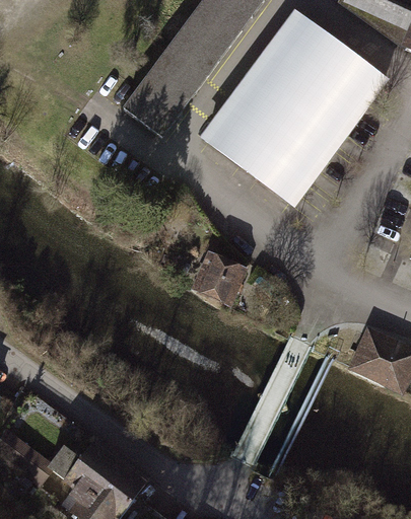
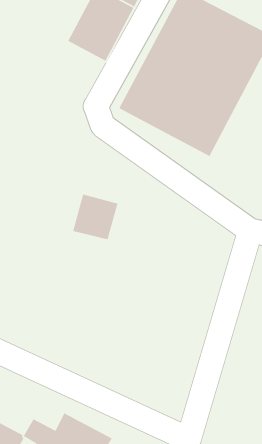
building: [122,56,199,137] -> none
building: [196,252,250,306] -> [72,194,118,240]

